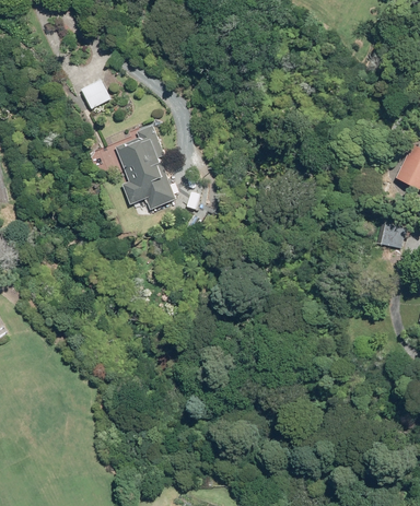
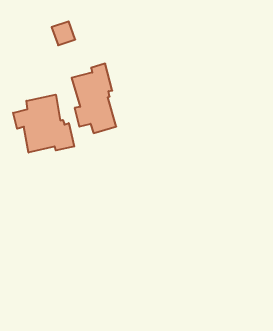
building: none -> [13,95,74,153]

